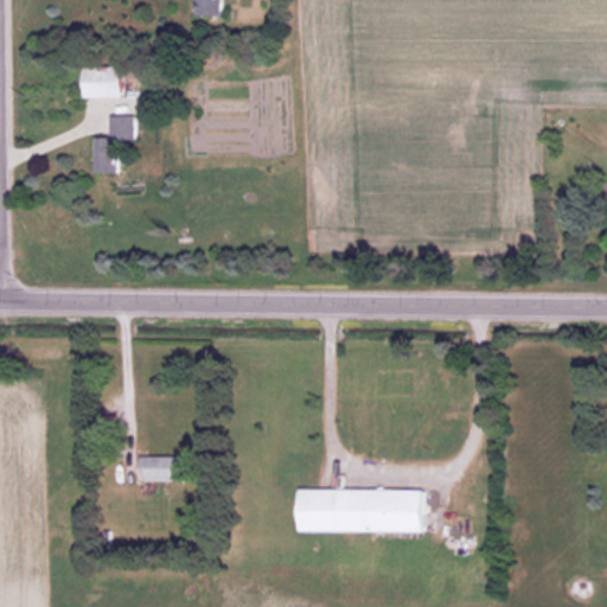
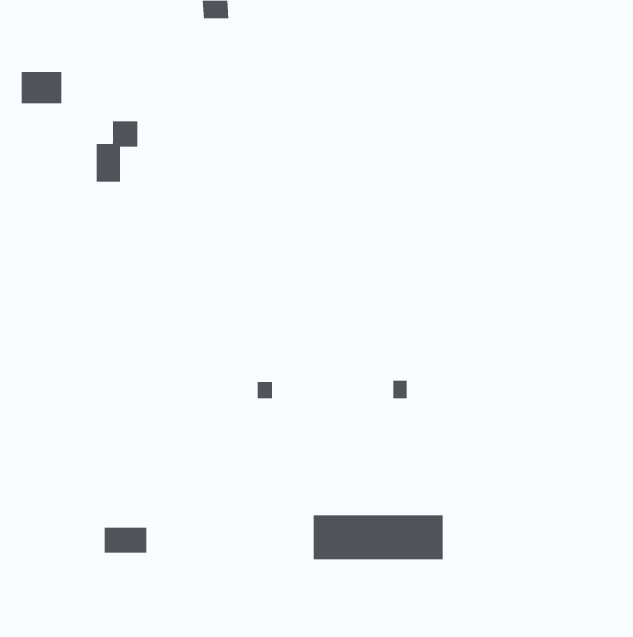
building: [79,68,119,98] -> [21,71,62,104]
building: [138,455,179,480] -> [104,527,147,553]

